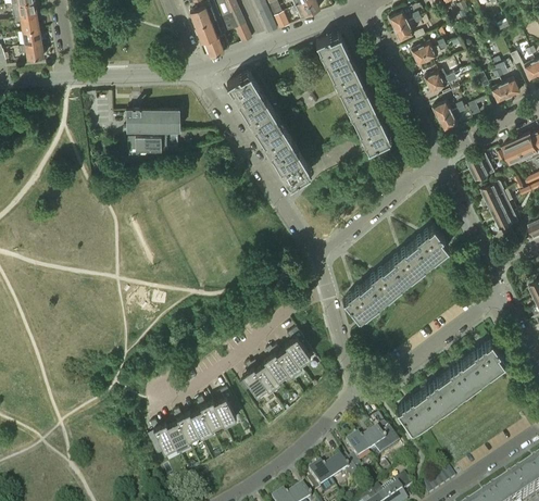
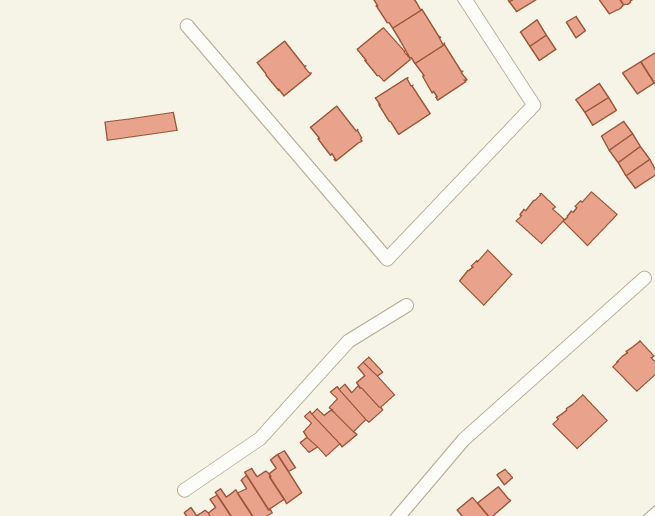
building: [228,75,264,109] -> none
building: [127,110,180,133] -> none
building: [259,122,296,160] -> [357,28,410,81]
building: none -> [375,78,430,134]
building: [391,245,430,283] -> [563,192,617,246]
building: [343,283,384,321] -> none
building: [447,358,486,396] -> none
building: [398,393,438,431] -> none

